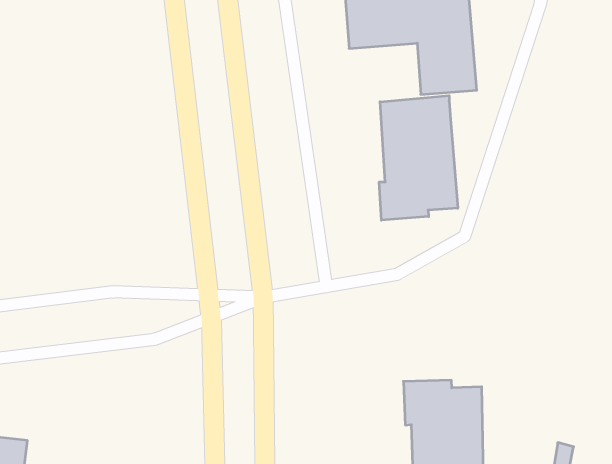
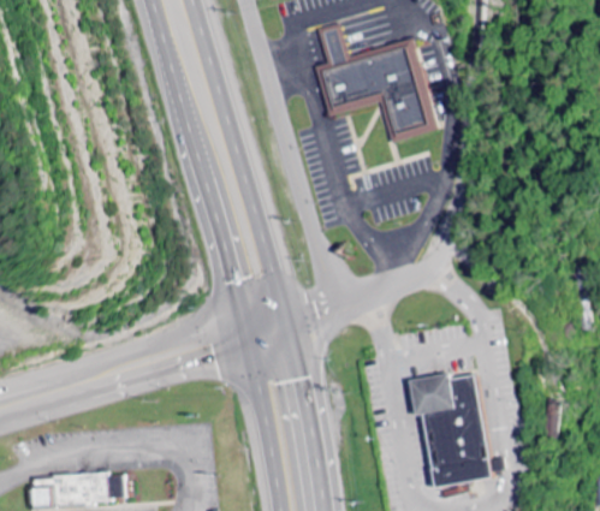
building: [379,96,458,220] -> none

